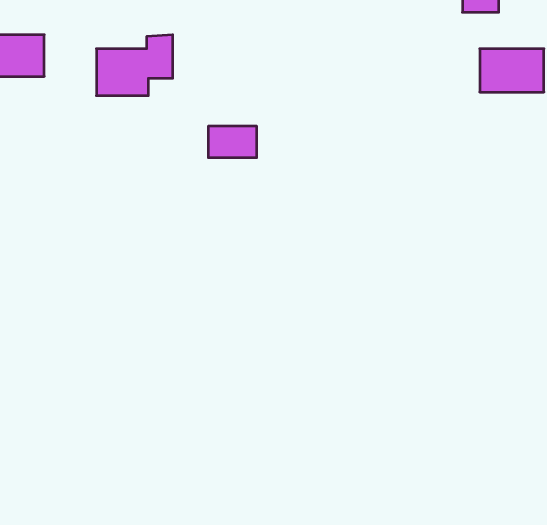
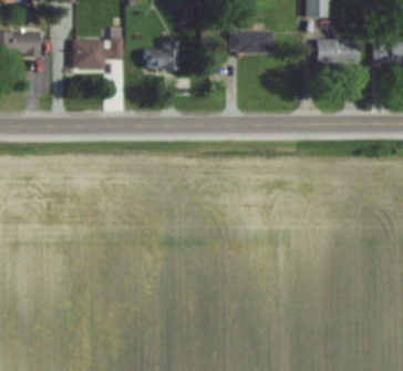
building: none -> [230,29,273,51]
building: [208,126,257,158] -> [146,48,177,68]

